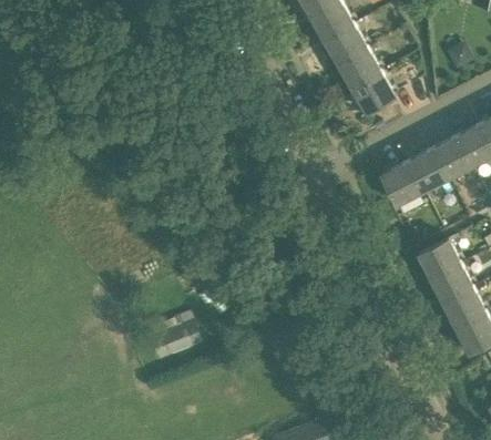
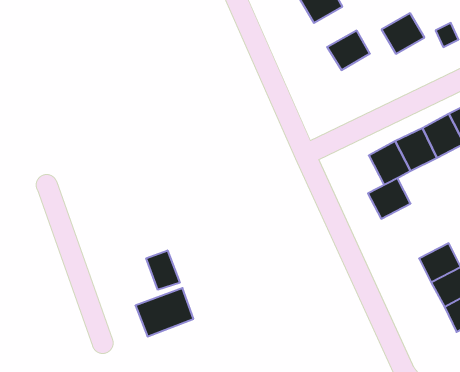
building: [325,25,368,66] -> none
building: [352,73,396,114] -> [382,13,424,54]
building: [418,239,461,280] -> [368,178,411,219]
building: none -> [146,250,180,290]

